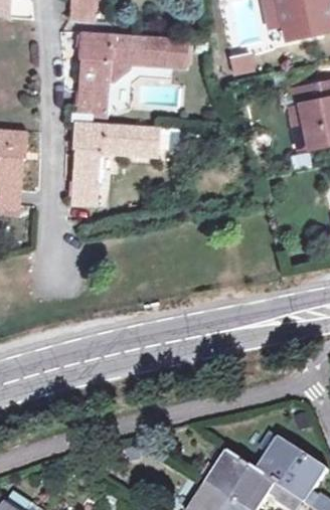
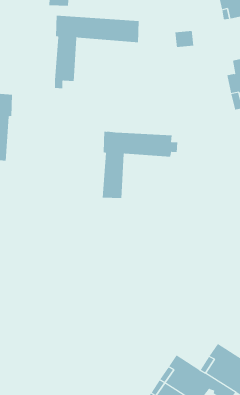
building: [71,123,166,206] -> [102,131,178,199]

